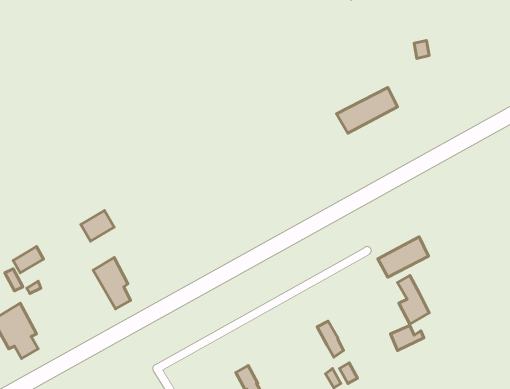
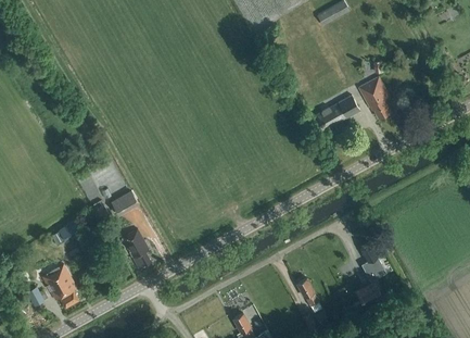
building: none -> [359,76,390,117]
building: [378,237,429,277] -> none

